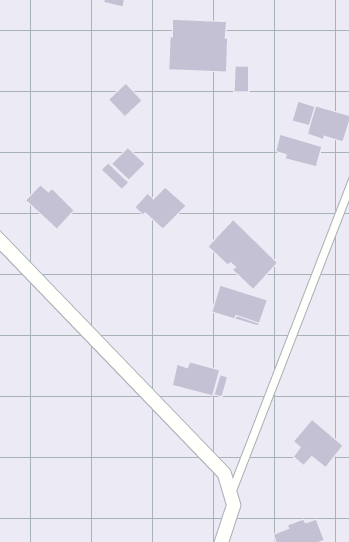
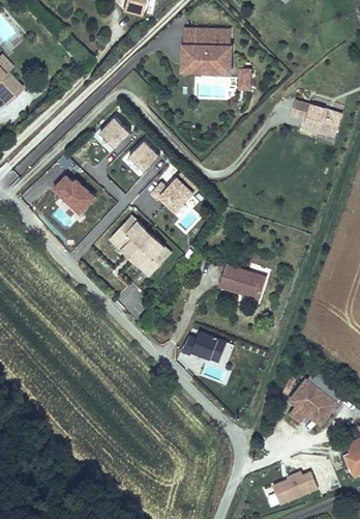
building: [109,83,142,117] -> [99,116,129,146]
building: [276,134,322,167] -> none
building: [208,220,278,289] -> [108,215,170,278]

